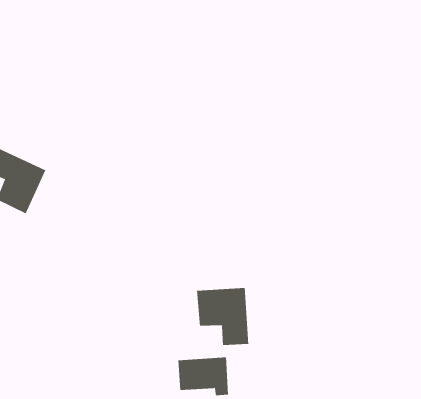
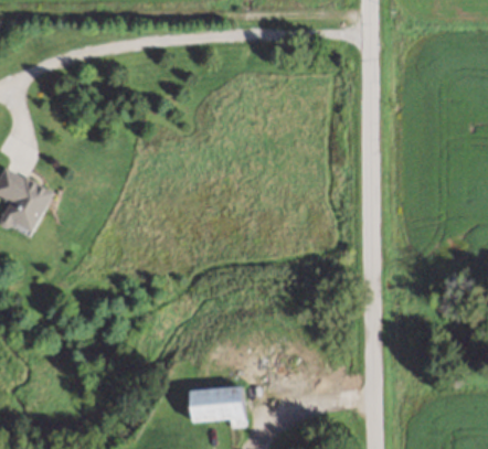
building: [197,287,249,346] -> none

